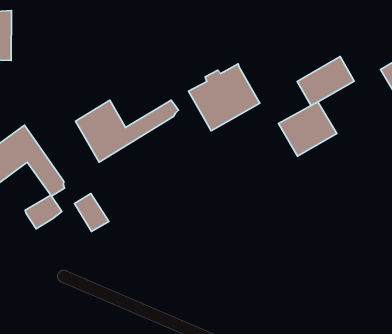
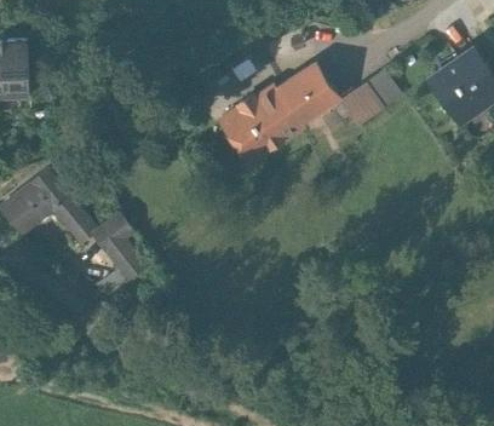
building: [75,100,179,162] -> none
building: [279,102,337,156] -> [275,62,339,122]
building: [25,195,62,229] -> [93,212,133,249]

